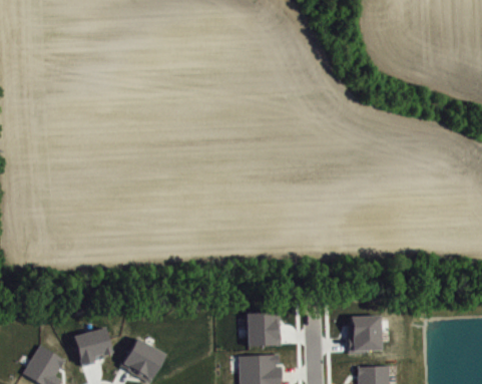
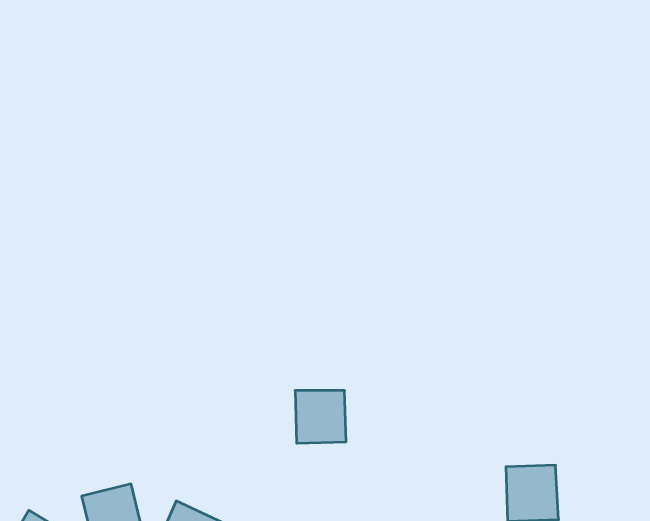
building: [247,313,280,347] -> [295,391,346,443]

